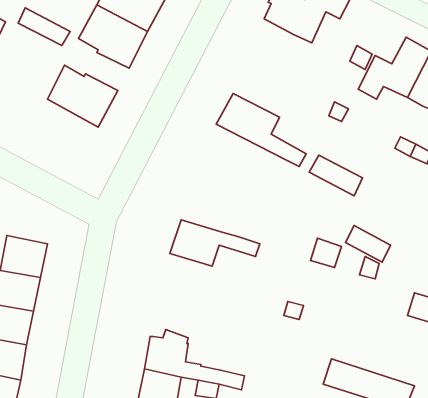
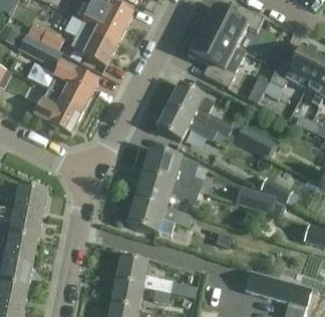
building: none -> [187,29,245,86]
building: none -> [18,32,60,65]
building: none -> [33,86,83,132]
building: none -> [156,104,217,139]
building: none -> [142,146,202,190]
building: none -> [127,197,192,232]

